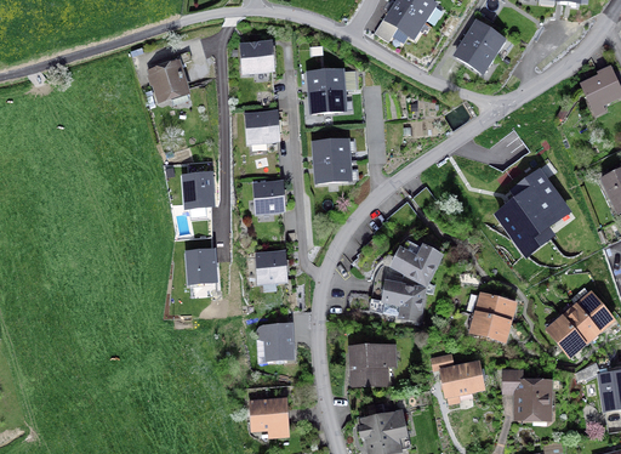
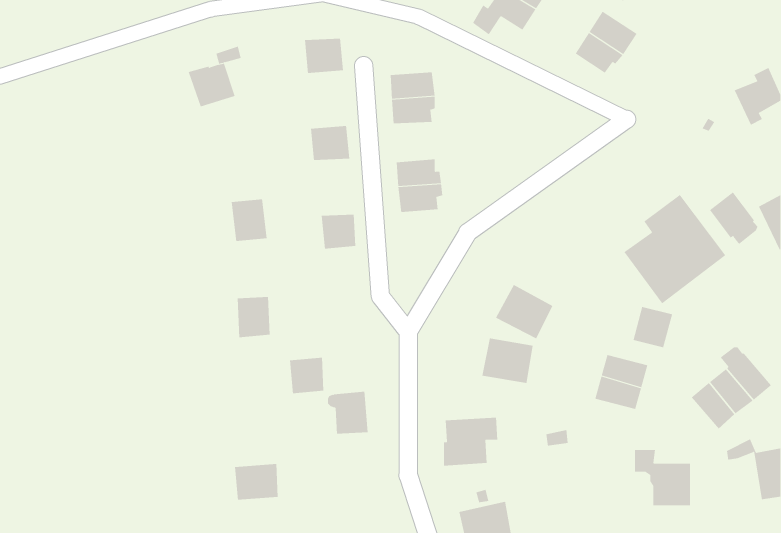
building: none -> [709,192,758,245]
building: [257,252,285,282] -> [289,357,324,394]
building: none -> [633,306,673,348]
building: [443,363,482,402] -> none
building: [251,399,286,429] -> [234,464,279,500]

